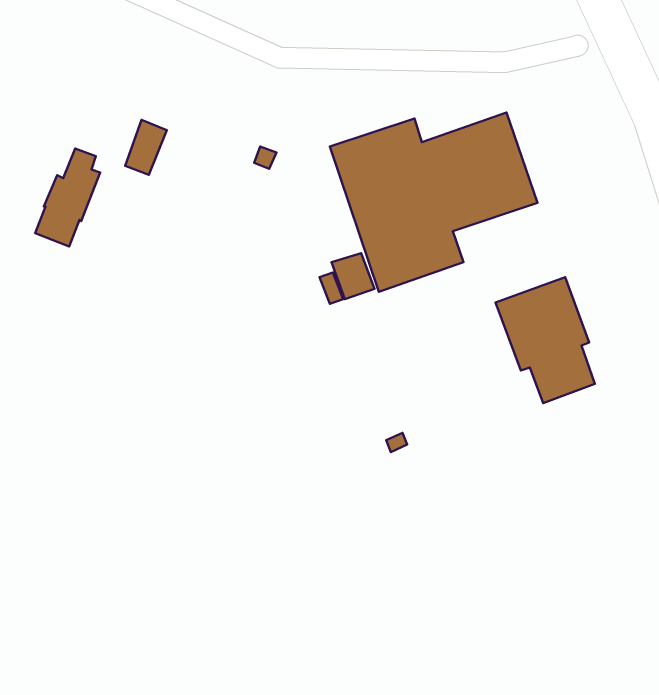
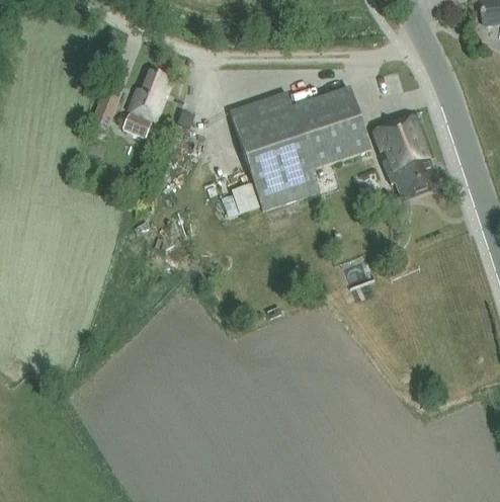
building: [35,149,100,247] -> [121,71,166,138]
building: [496,277,595,403] -> [370,111,438,197]

